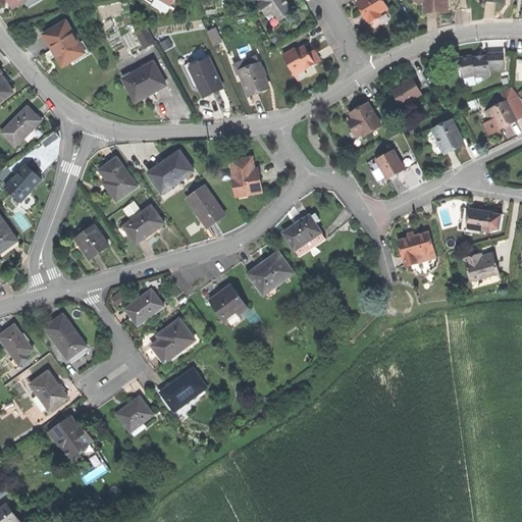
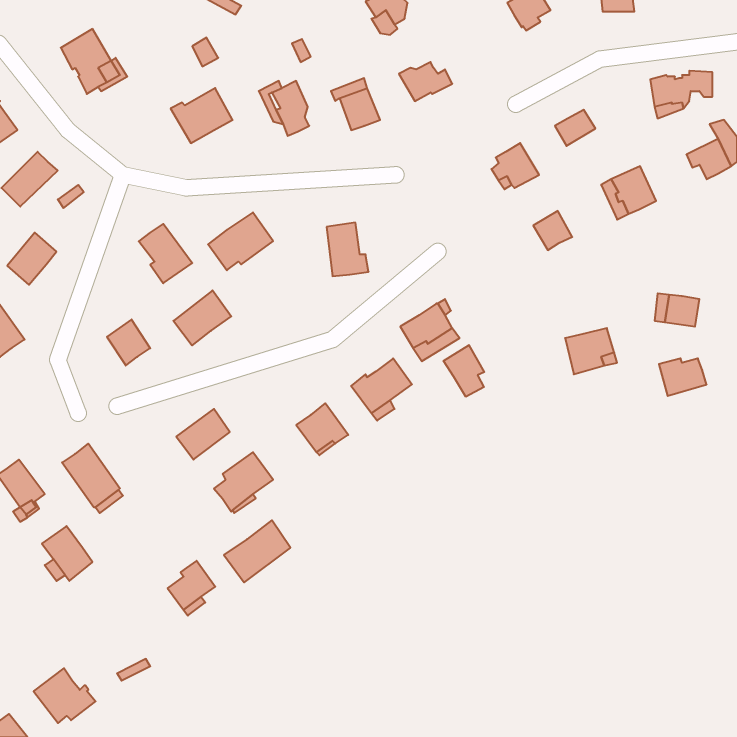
building: [186,186,223,226] -> none
building: none -> [444,345,484,397]
building: [49,416,93,455] -> [34,668,96,723]

